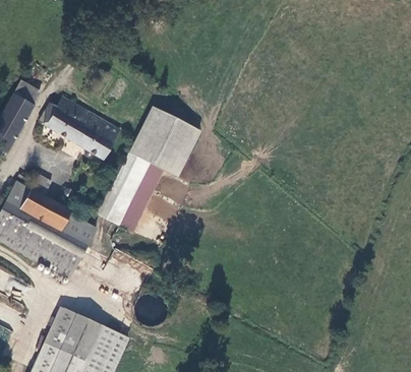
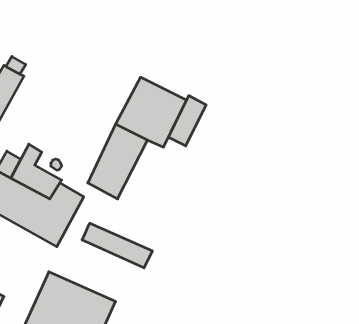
building: [41,97,120,160] -> none
building: none -> [169,96,206,146]
building: none -> [82,223,152,268]

